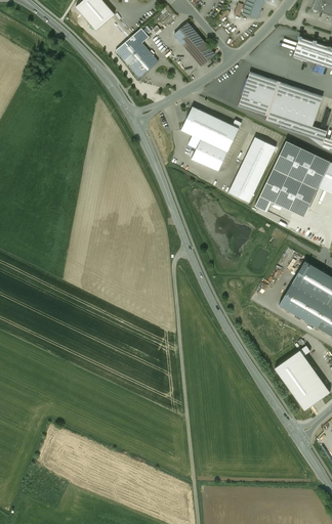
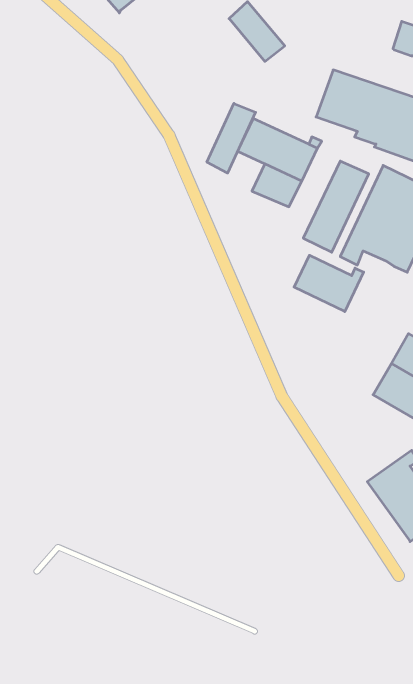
building: [116,28,158,78] -> none
building: none -> [207,103,256,173]
building: none -> [294,255,364,312]

